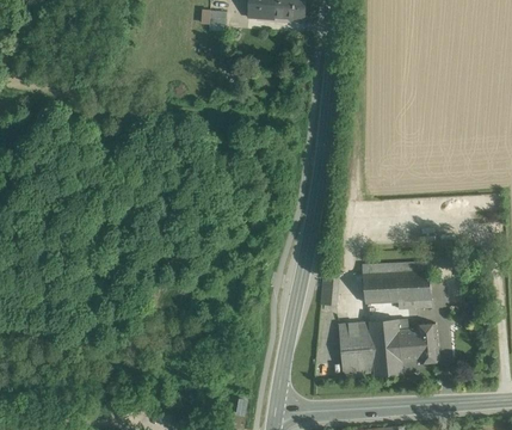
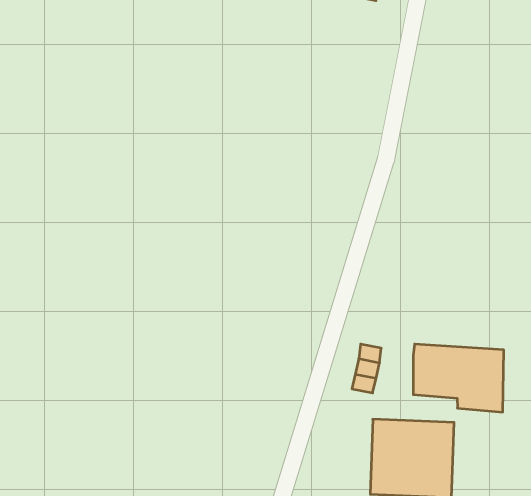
building: [397,319,438,363] -> none

